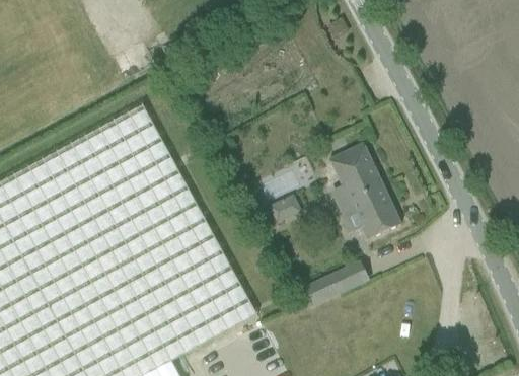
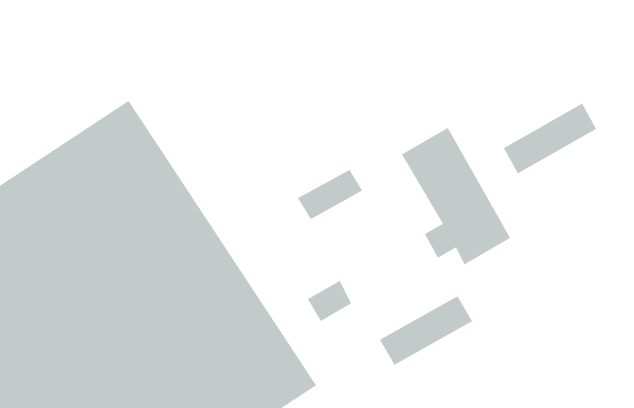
building: none -> [503,102,597,174]
building: [269,196,300,224] -> [307,280,352,322]

